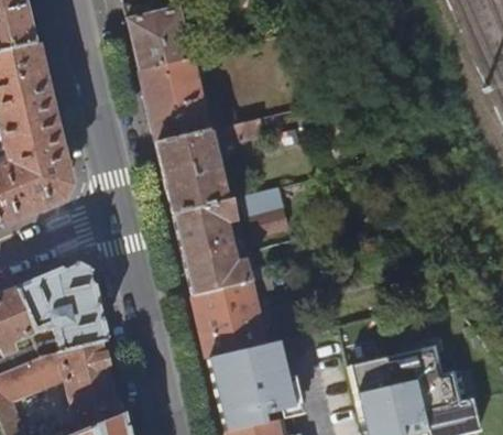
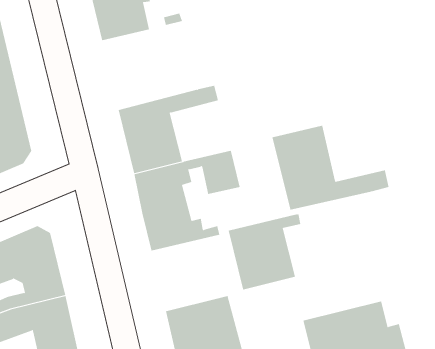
building: [141,58,243,144] -> none
building: none -> [272,125,389,211]
building: [194,278,272,359] -> [228,214,301,290]

